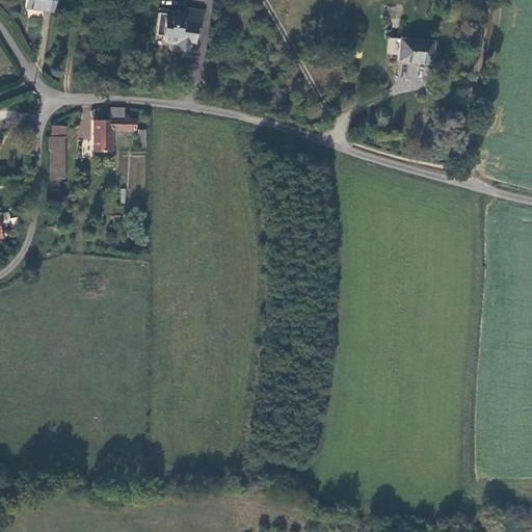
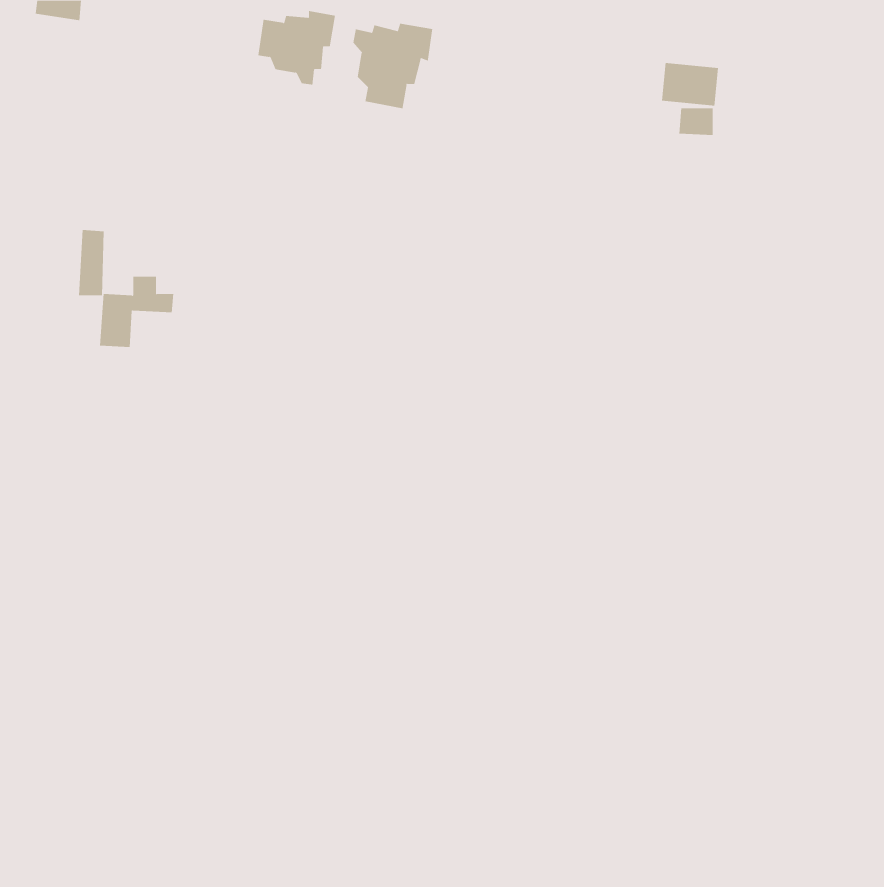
building: none -> [353,23,433,109]
building: [91,108,136,151] -> [99,276,174,347]

